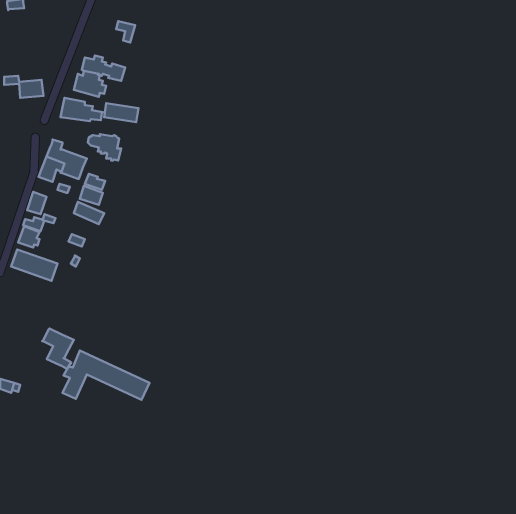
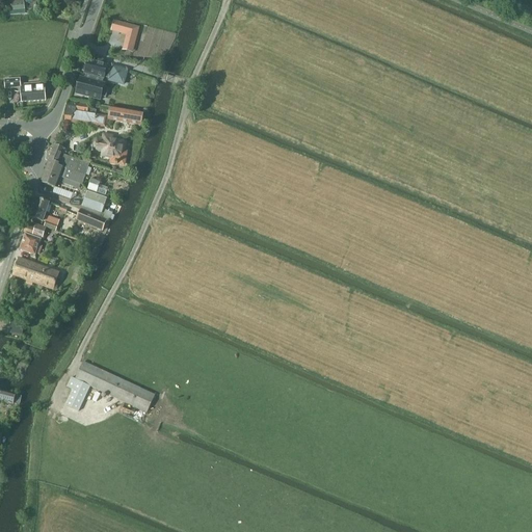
building: [42,329,74,369] -> none

